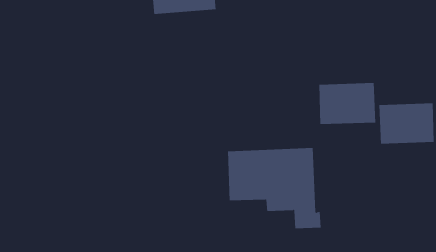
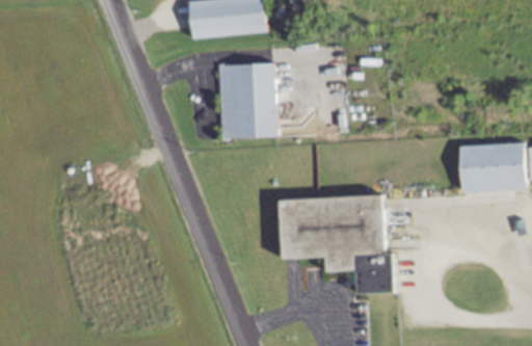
building: none -> [219,62,275,137]
building: [319,82,376,125] -> none

